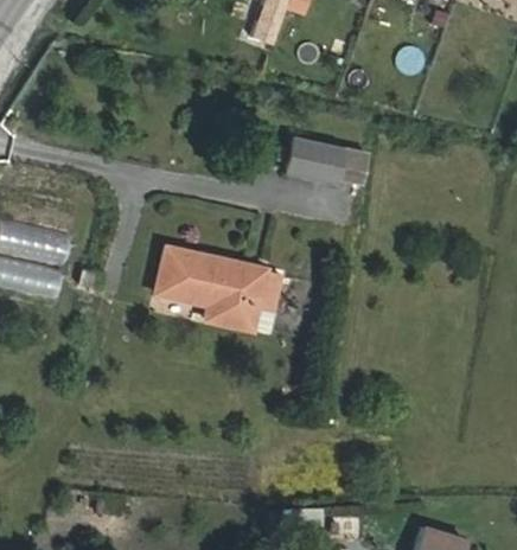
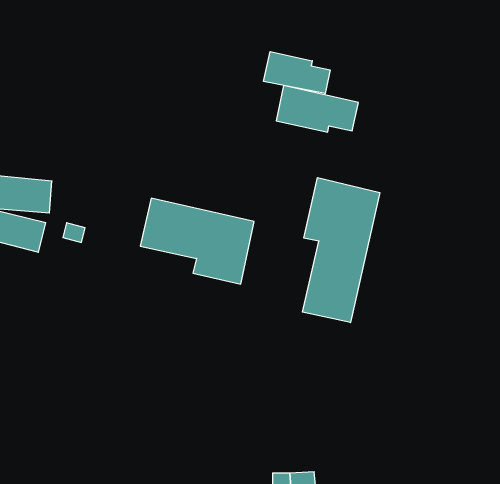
building: none -> [264,52,330,94]
building: none -> [302,178,380,323]

